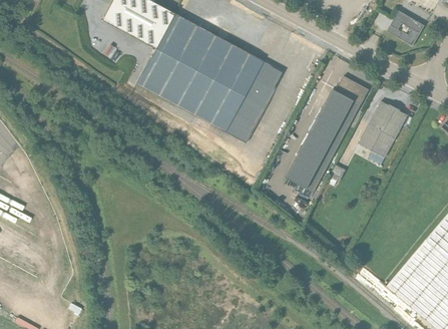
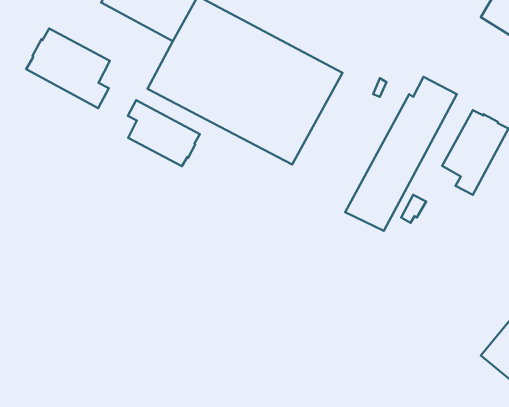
building: none -> [26,28,110,108]
building: none -> [128,100,200,166]

